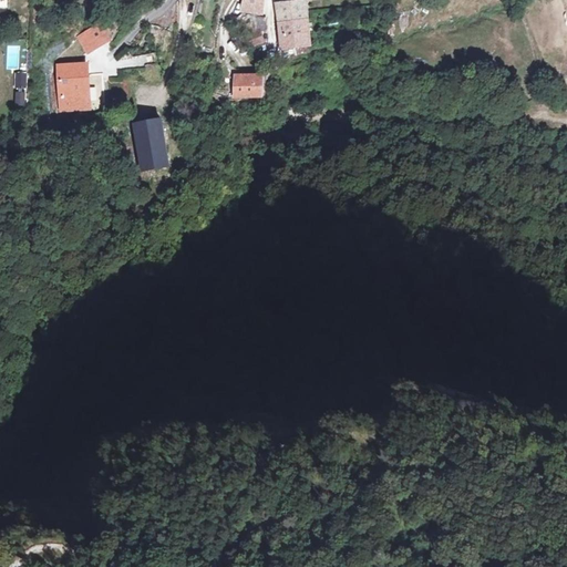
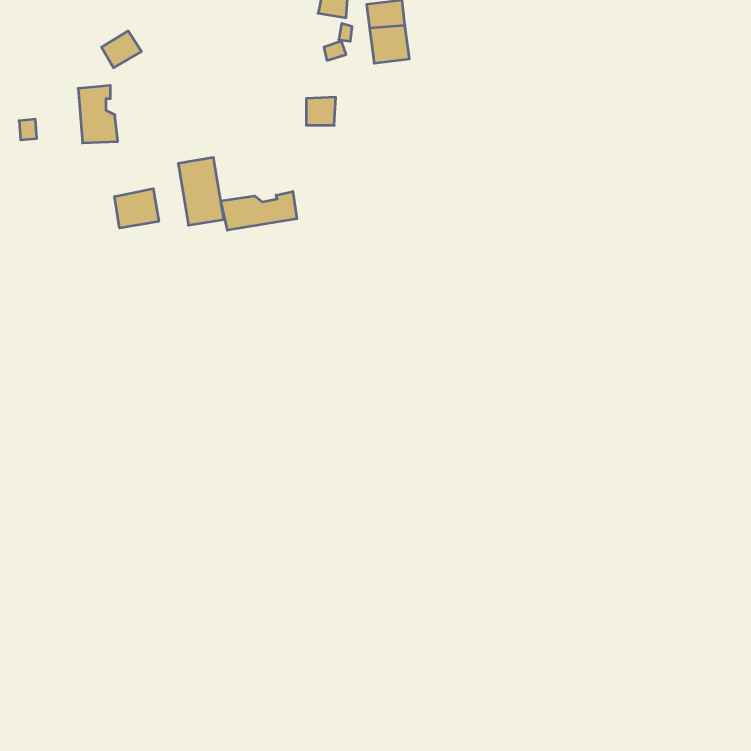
building: none -> [115,189,159,228]
building: none -> [221,191,297,230]

